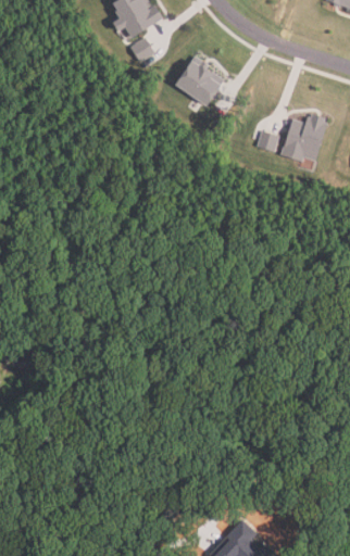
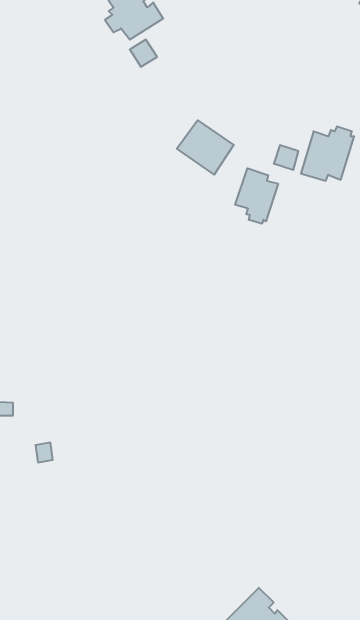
building: [176,58,226,105] -> [177,120,234,175]
building: none -> [235,168,278,224]

